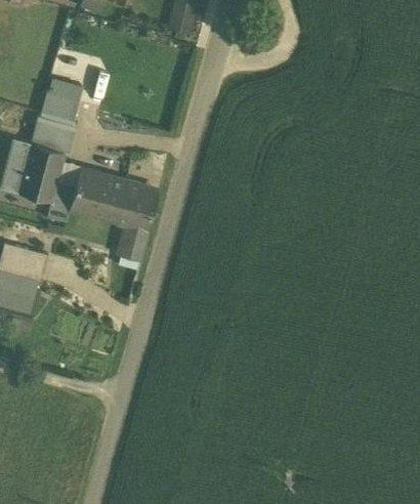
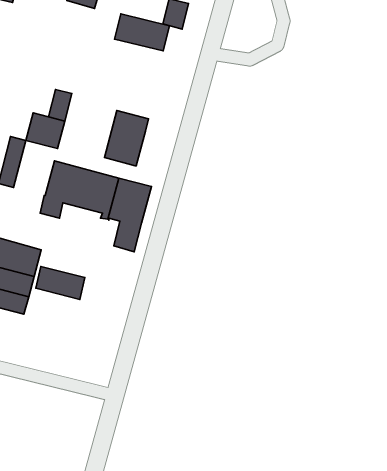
building: none -> [115,14,169,51]
building: [38,80,79,121] -> none
building: [18,144,62,200] -> [105,111,149,166]
building: none -> [36,266,85,299]

